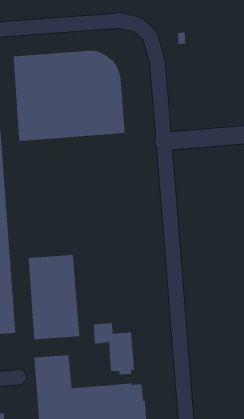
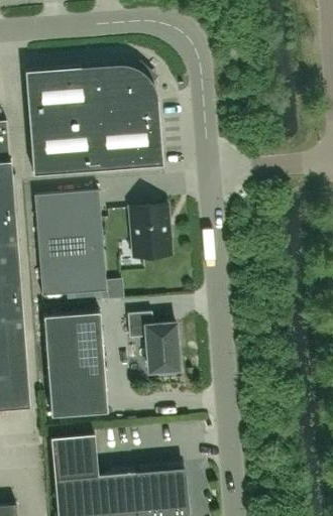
building: none -> [33,190,106,296]
building: none -> [130,206,170,260]
building: [93,323,135,375] -> [127,312,179,376]

